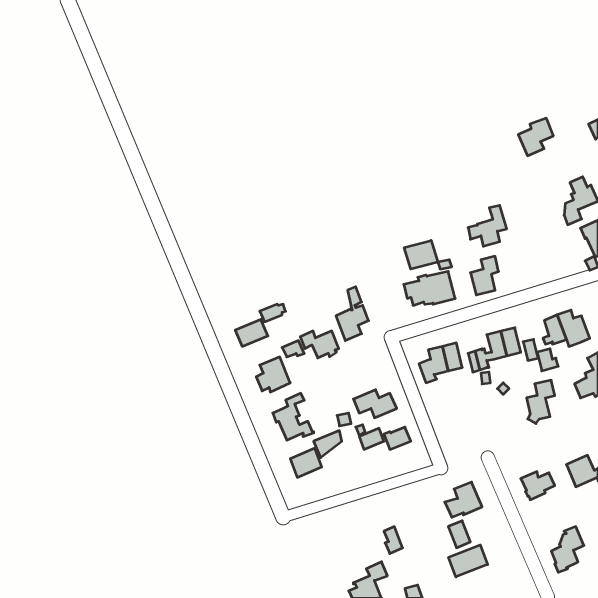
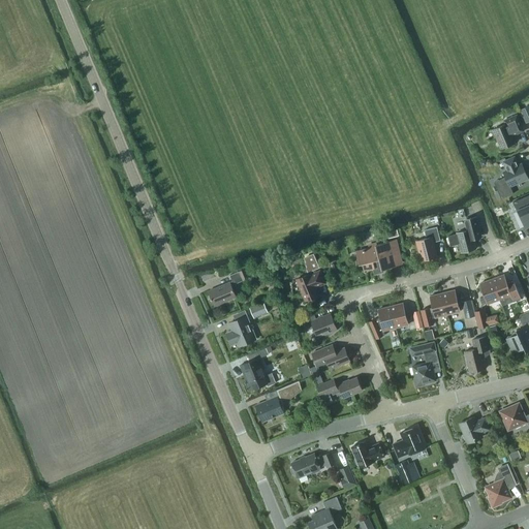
building: [518,118,553,156] -> [493,115,524,148]
building: [468,205,507,246] -> [448,216,483,252]
building: [404,240,438,269] -> none
building: [300,331,339,358] -> [303,313,337,337]
building: none -> [409,341,439,386]
building: none -> [351,441,384,467]
building: none -> [291,452,336,477]
building: [449,545,488,577] -> none

